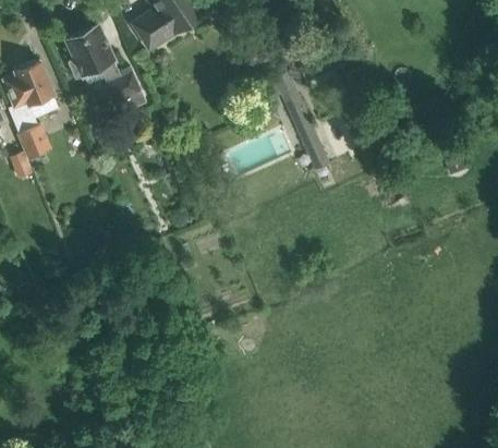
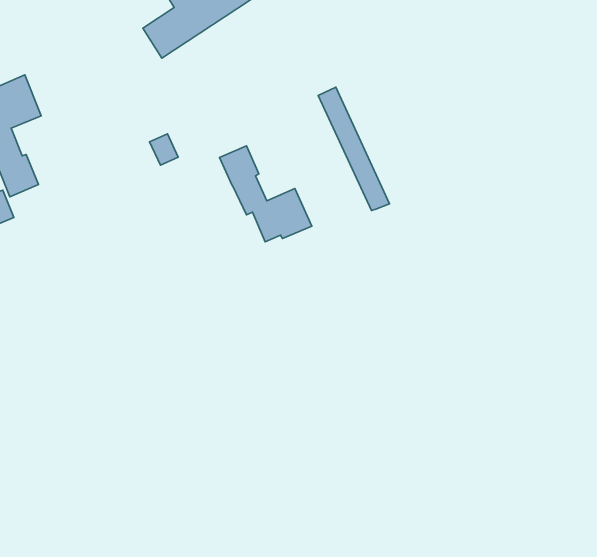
building: [66,25,146,111] -> none
building: none -> [220,146,312,242]

